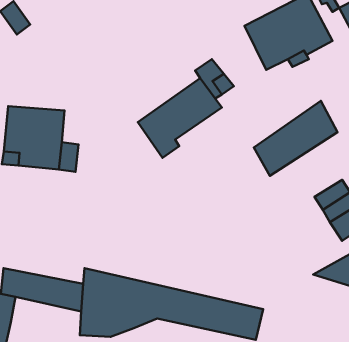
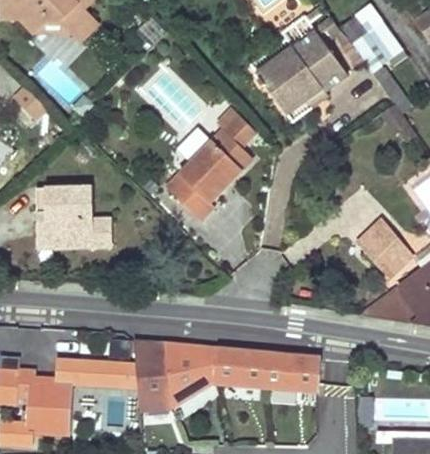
building: [254,101,337,176] -> none

